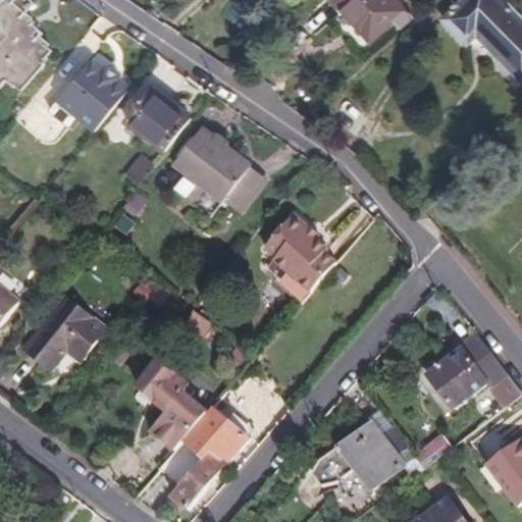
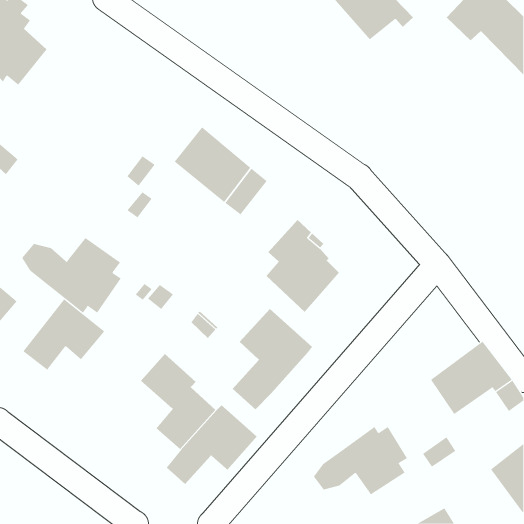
building: [46,61,122,129] -> none
building: [123,84,191,150] -> none
building: none -> [21,237,122,314]
building: none -> [232,308,313,410]
building: [176,452,225,503] -> none

